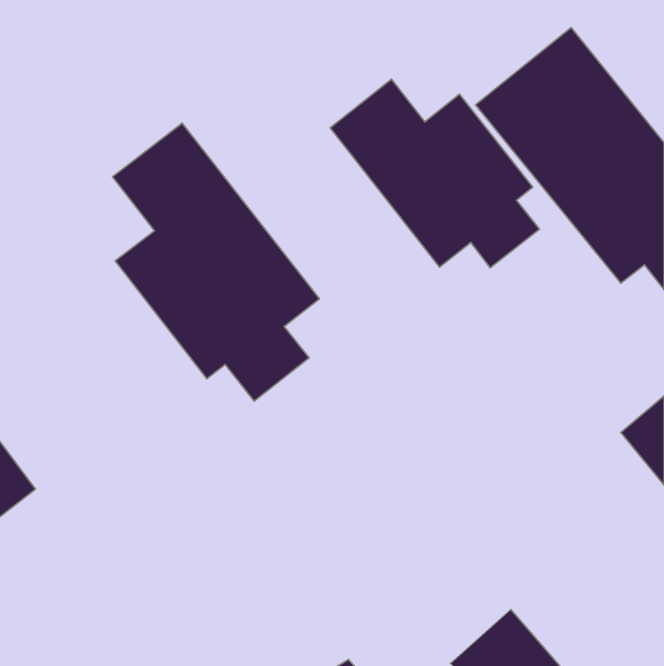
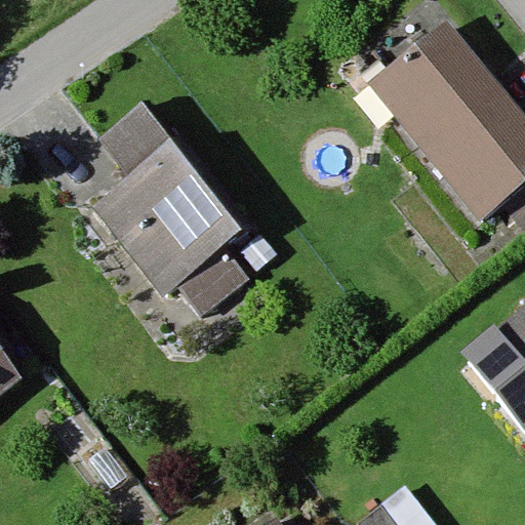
building: [330,79,539,268] -> none

